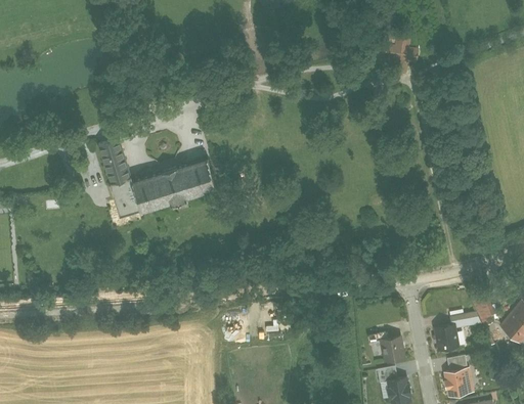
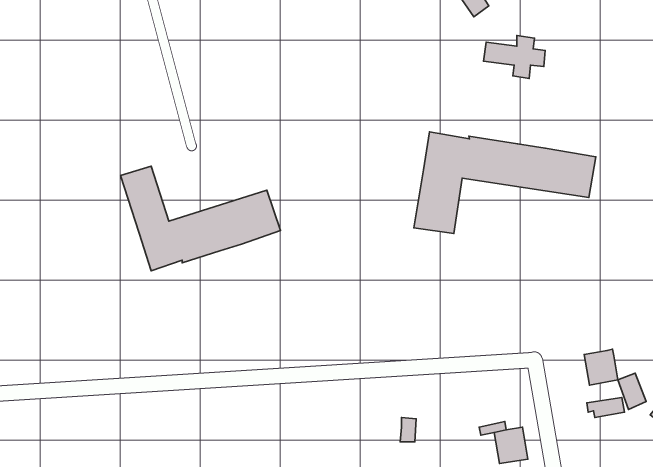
building: none -> [414,132,596,234]
building: [433,322,458,350] -> [584,349,618,385]

